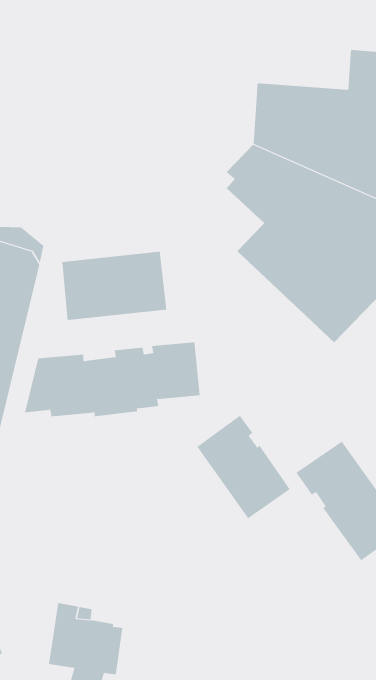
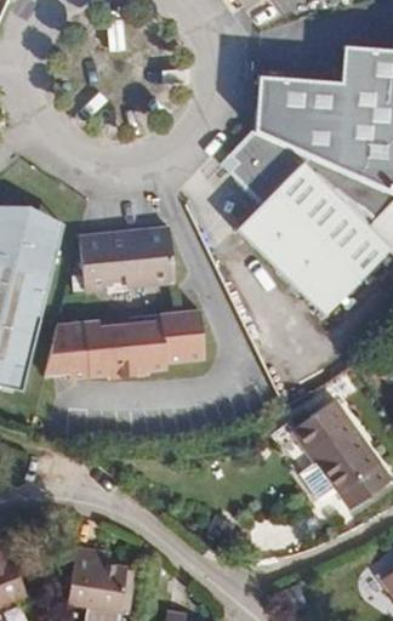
building: [197,415,290,519] -> none

